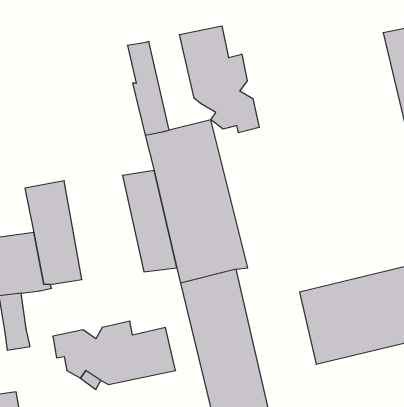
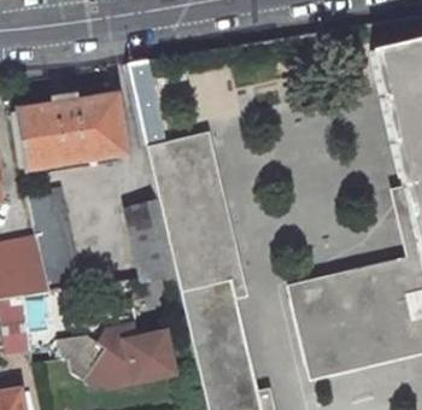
building: [180,26,259,133] -> none
building: none -> [16,93,127,169]

